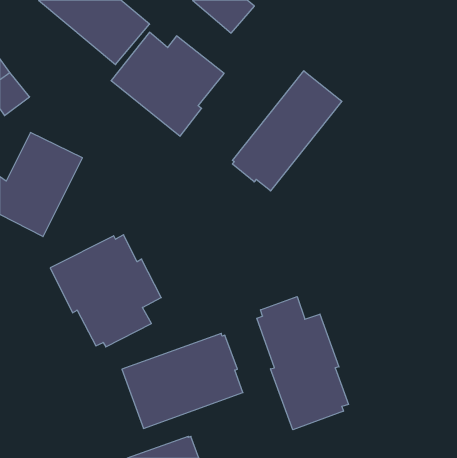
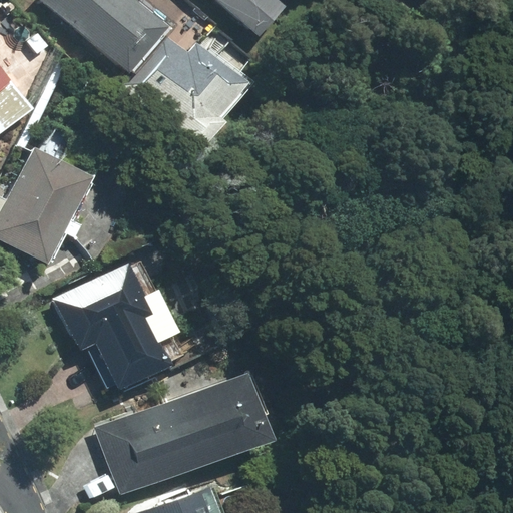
building: [232,71,342,191] -> none
building: [257,297,348,430] -> none
building: none -> [95,413,160,494]

